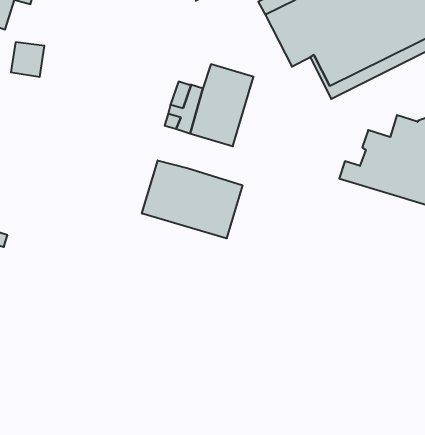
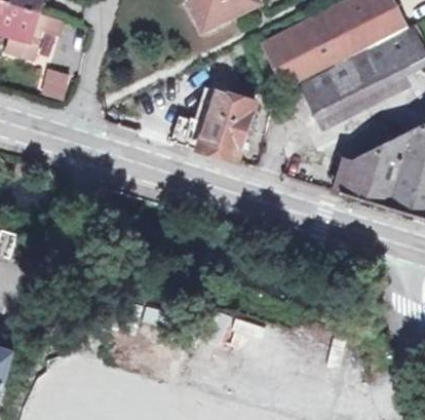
building: [142,160,242,238] -> none

